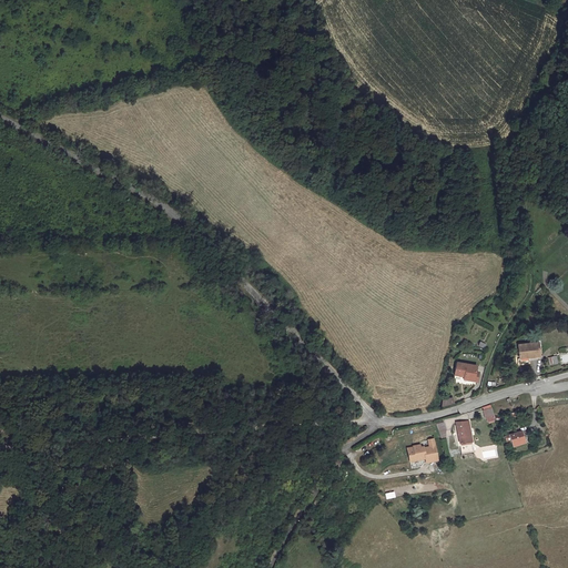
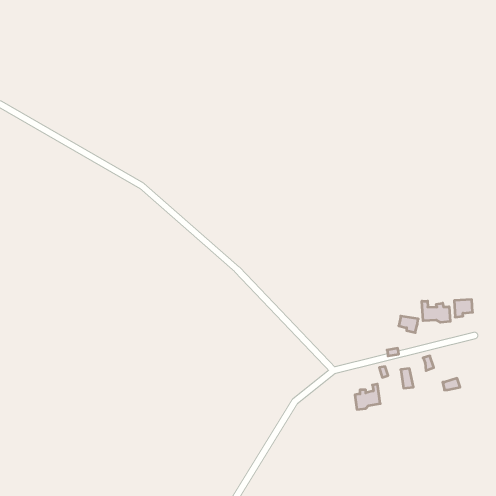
building: none -> [422,301,450,322]

